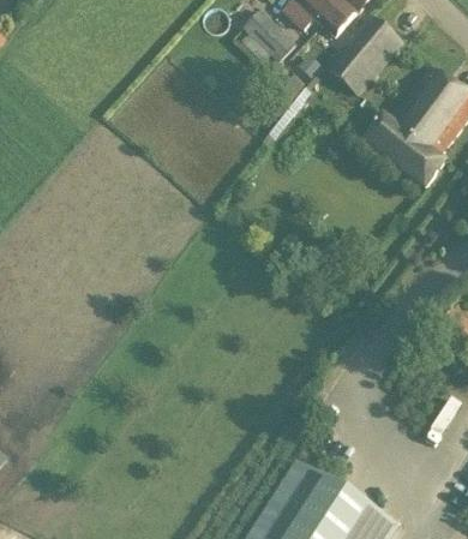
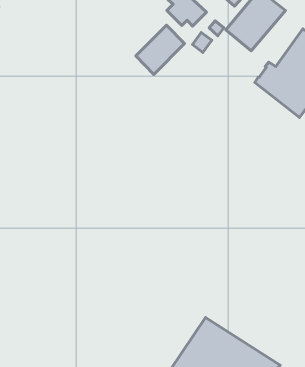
building: none -> [136,25,185,75]

